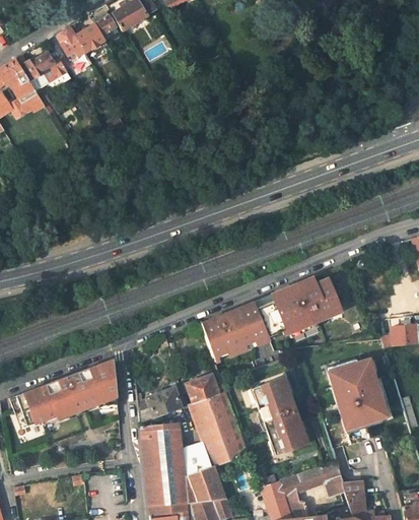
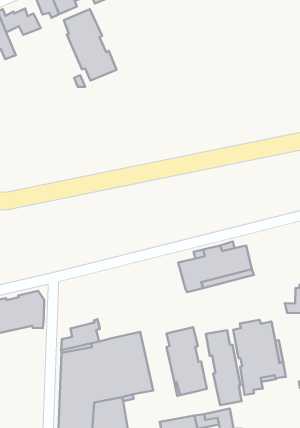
building: none -> [64,9,117,81]
building: [201,302,268,360] -> none
building: [186,374,224,403] -> none
building: none -> [206,330,242,405]

